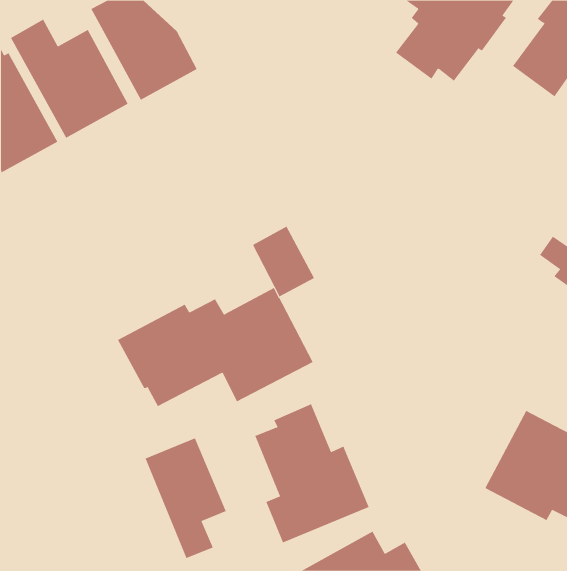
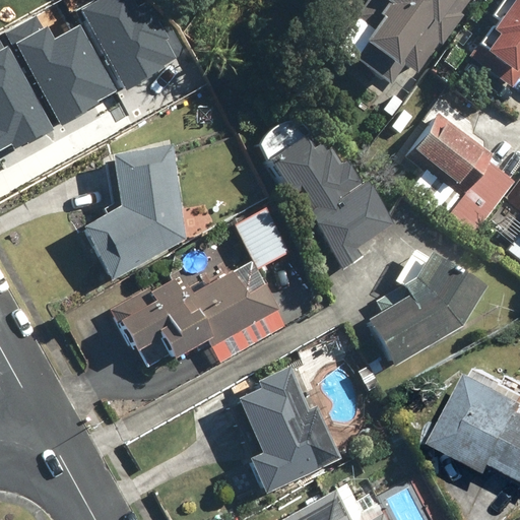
building: none -> [406,111,512,238]
building: none -> [264,139,389,268]
building: none -> [79,142,191,281]
building: none -> [362,250,485,367]
building: [145,437,227,559] -> none

